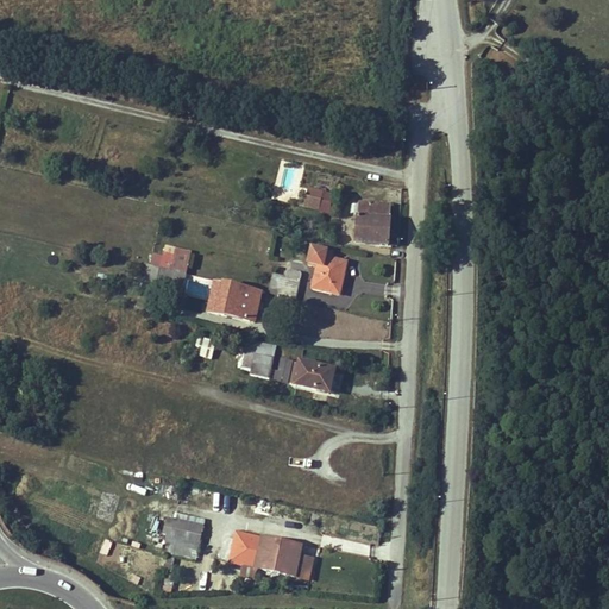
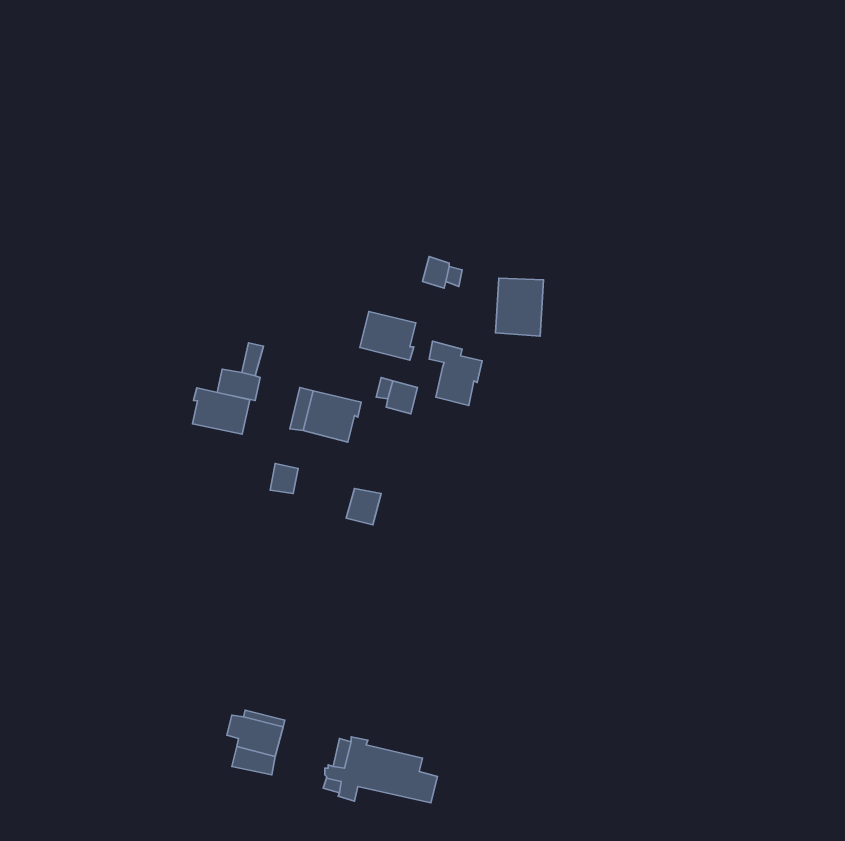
building: none -> [360,311,416,360]
building: none -> [192,388,250,434]
building: [289,360,333,390] -> none

